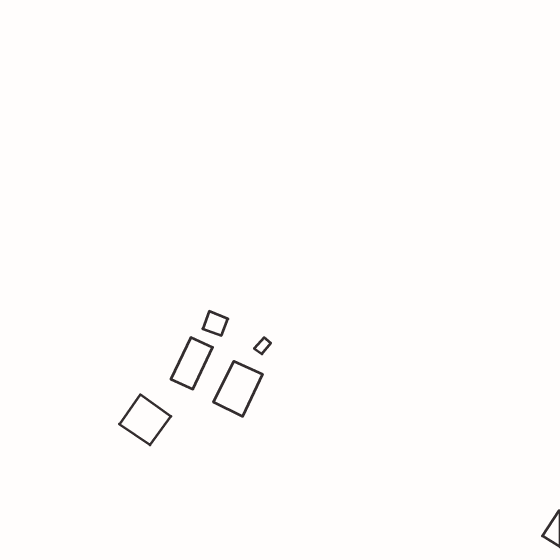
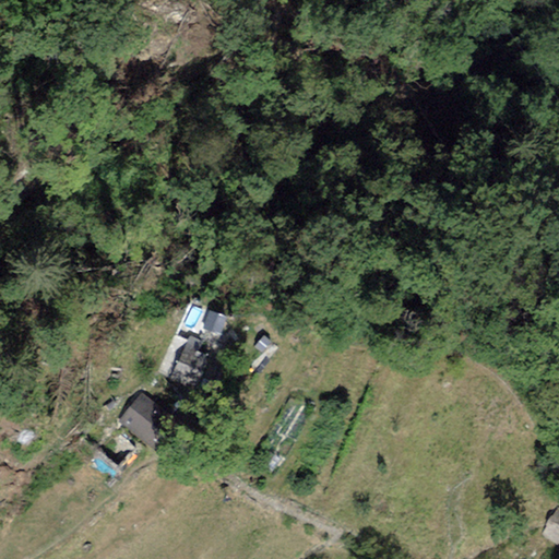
building: [214,361,262,416] -> none

